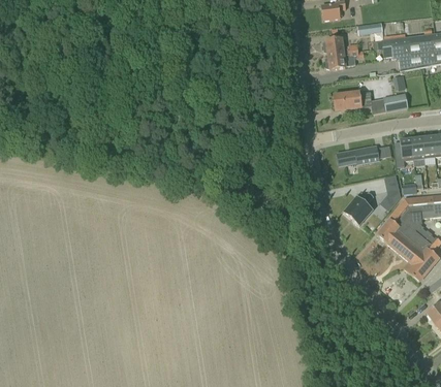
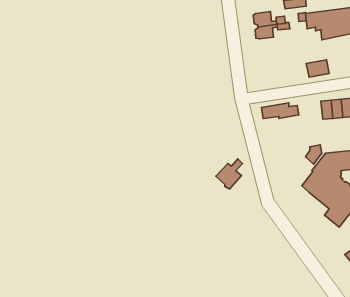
building: [333,91,372,111] -> none
building: [343,192,373,226] -> [216,159,242,189]

